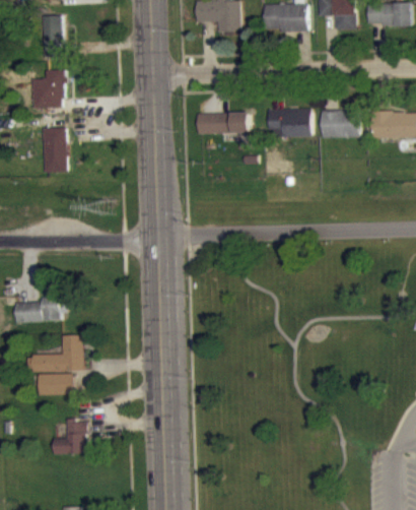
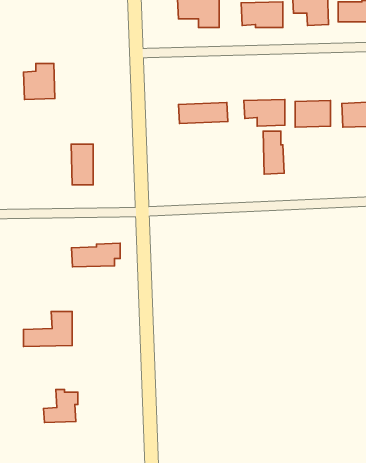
building: [43,13,61,57] -> none
building: [43,128,66,172] -> [71,144,93,185]
building: none -> [263,131,284,174]
building: [14,297,66,322] -> [72,243,120,267]
building: [38,373,72,395] -> none

